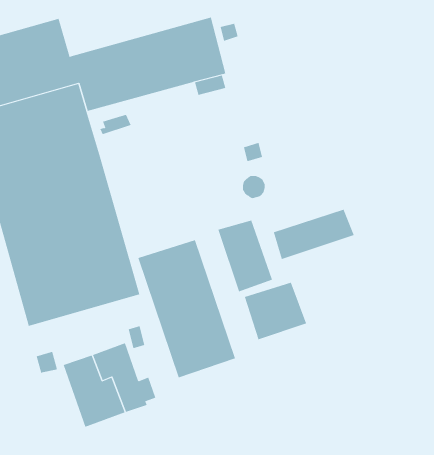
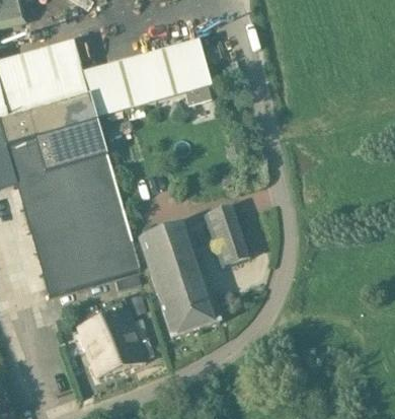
building: [273,209,355,260] -> none
building: [244,282,307,340] -> none

